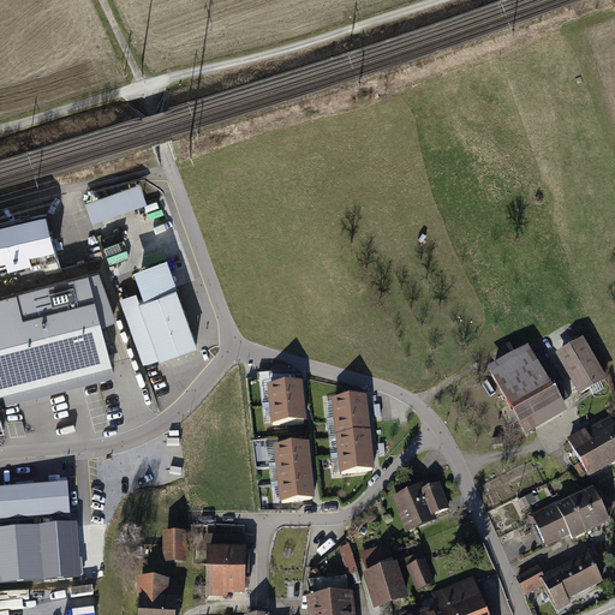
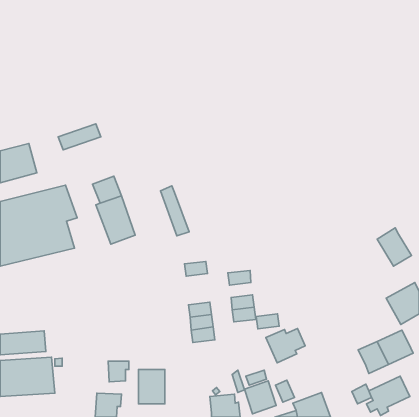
building: [120,291,162,364] -> [161,186,189,236]
building: [485,342,565,432] -> none
building: [273,401,306,423] -> none
building: [336,414,370,436] -> [256,314,279,329]

